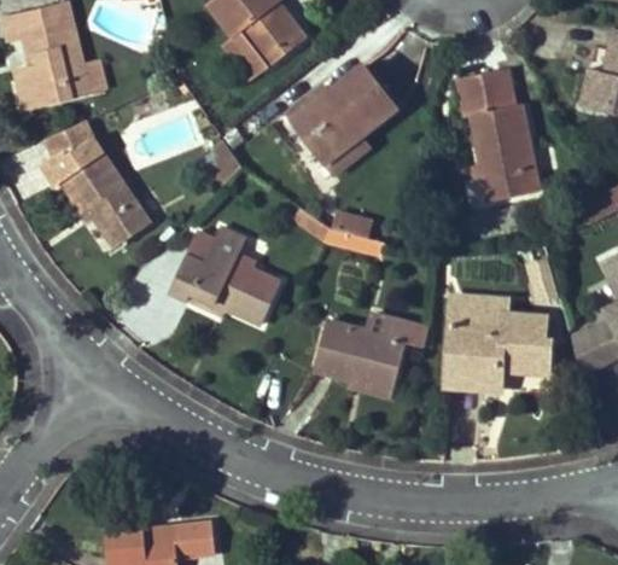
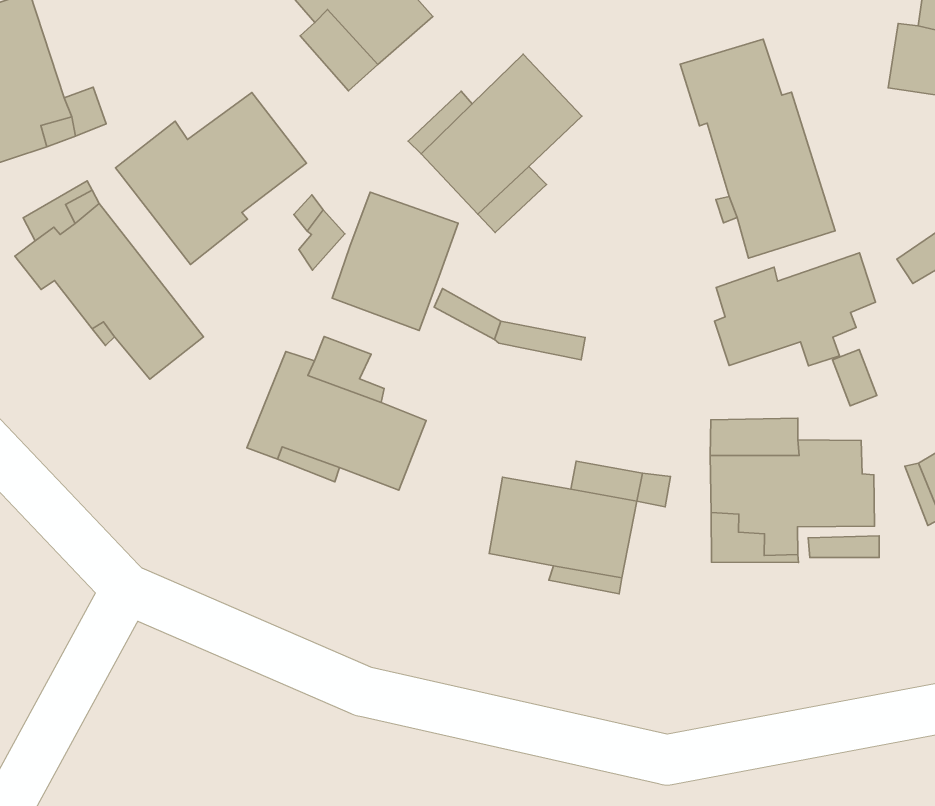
building: none -> [116,92,307,264]
building: none -> [332,192,458,331]
building: none -> [714,253,876,366]

